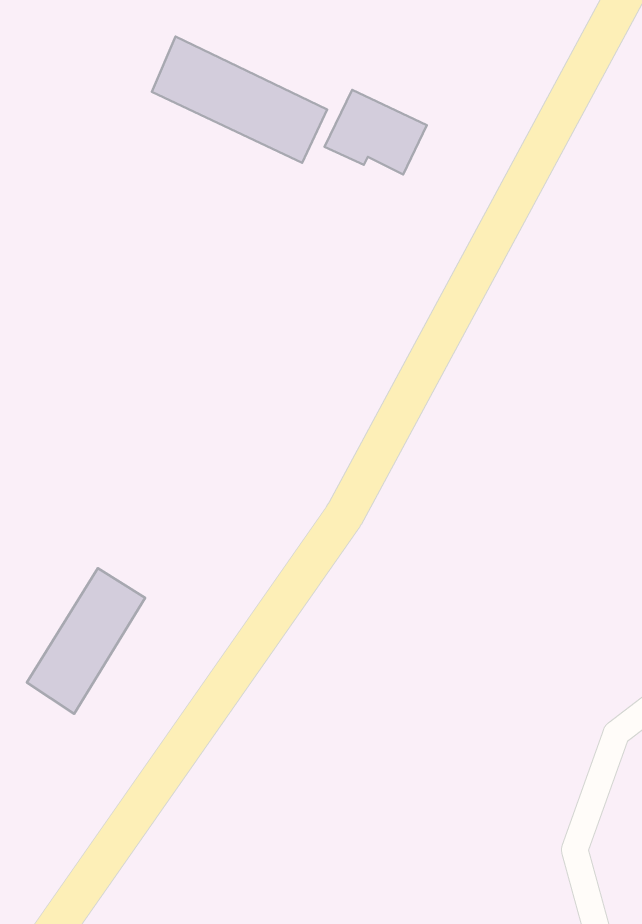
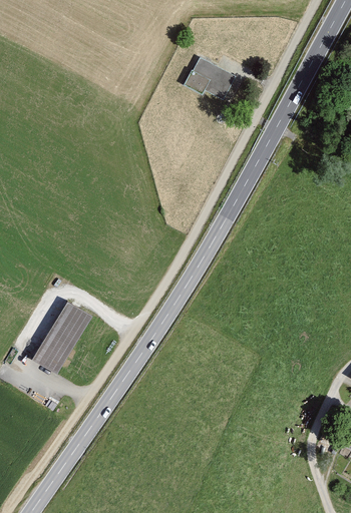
building: [152,37,327,163] -> none

